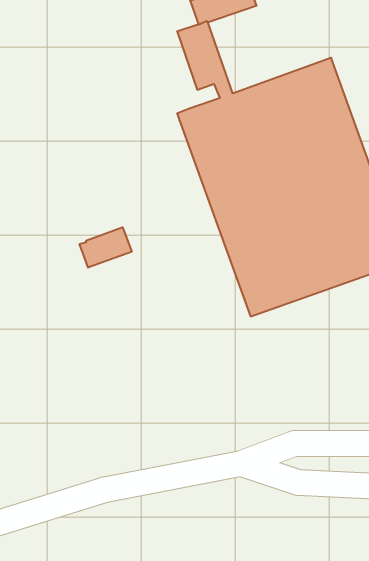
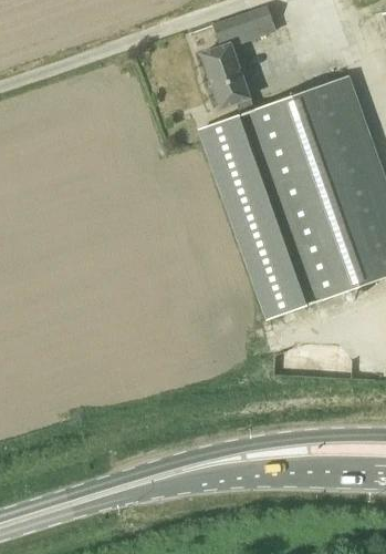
building: [80,227,132,268] -> none

